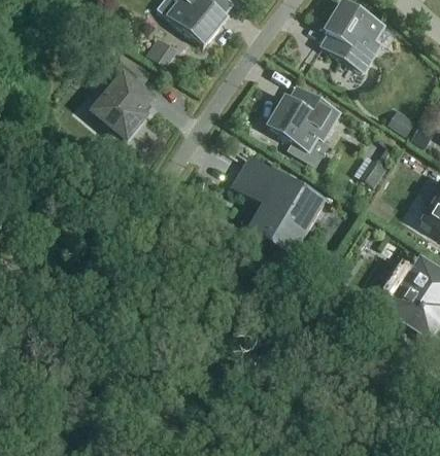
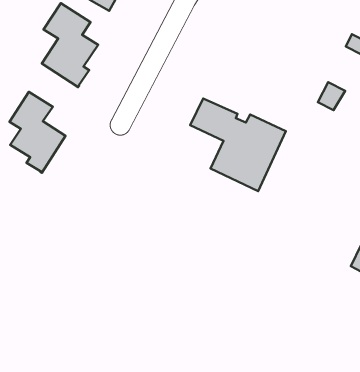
building: [268,85,340,150] -> none
building: none -> [10,92,66,173]

